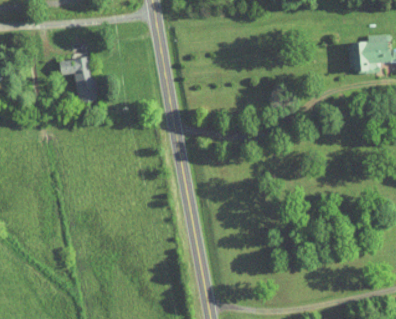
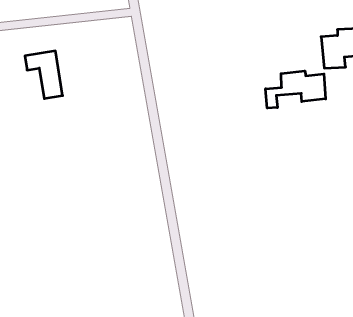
building: none -> [266,71,326,108]

